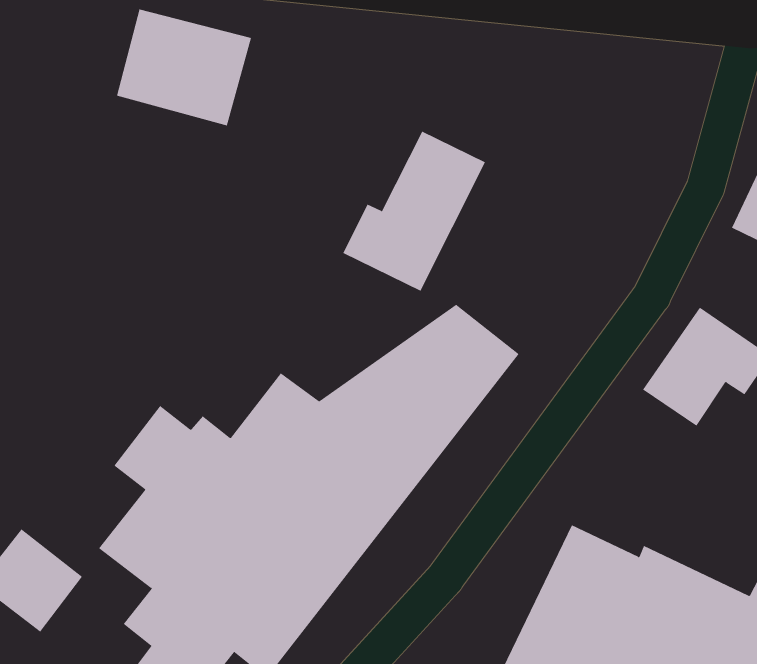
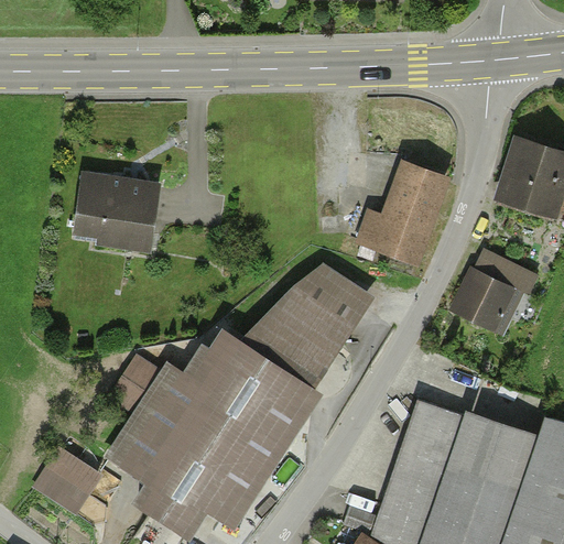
building: [116,9,252,126] -> [76,174,160,243]
building: [343,131,486,291] -> [362,162,448,266]

